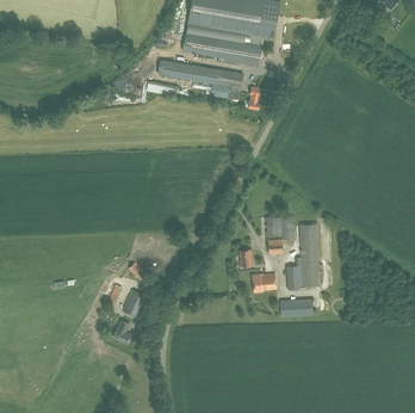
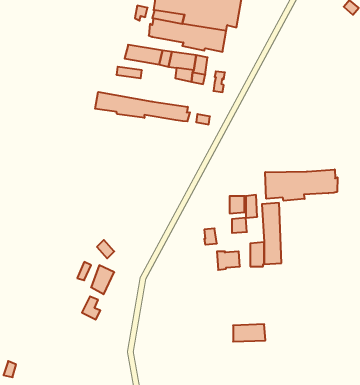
building: none -> [95,92,190,121]
building: none -> [265,169,337,201]
building: [280,298,314,316] -> [233,324,265,342]

